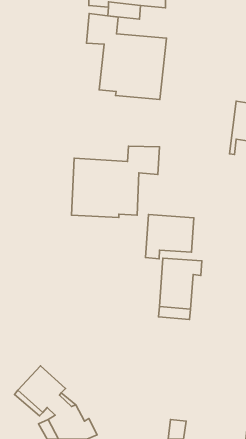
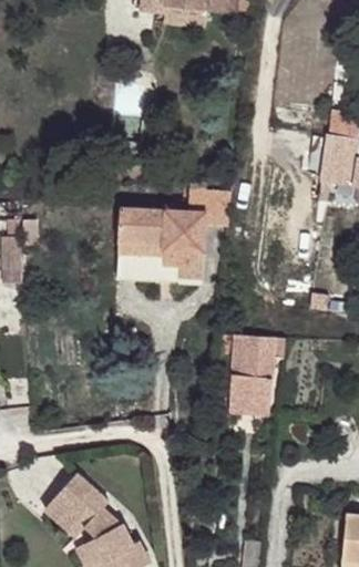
building: [87,13,166,100] -> none
building: [145,215,194,259] -> none

